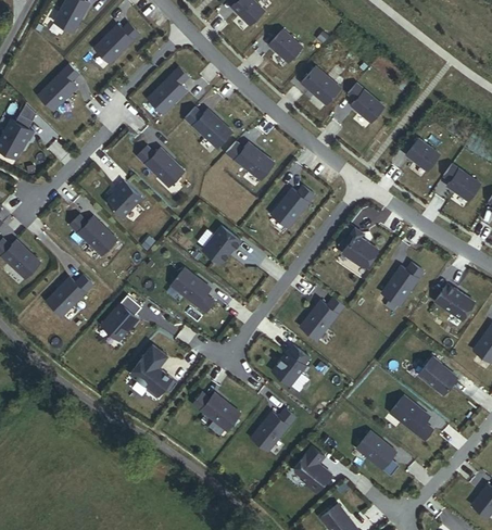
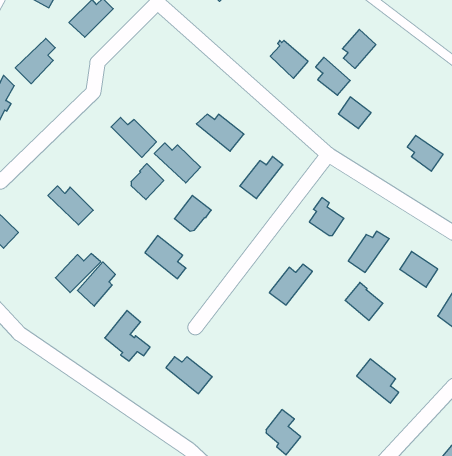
building: [269,29,303,62] -> none
building: none -> [342,29,376,68]
building: [148,67,189,114] -> none
building: [185,106,232,148] -> [154,143,201,183]
building: [406,137,440,169] -> [338,97,371,129]
building: [109,179,142,216] -> [131,164,164,200]
building: [47,275,93,315] -> [55,254,101,293]
building: [272,345,310,387] -> none
building: [418,355,457,394] -> [345,282,383,320]
building: [251,408,295,452] -> none
building: [356,430,396,468] -> none

